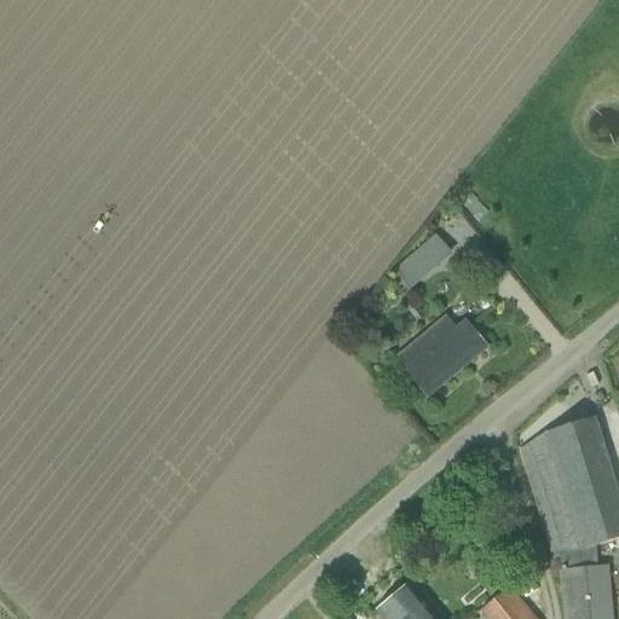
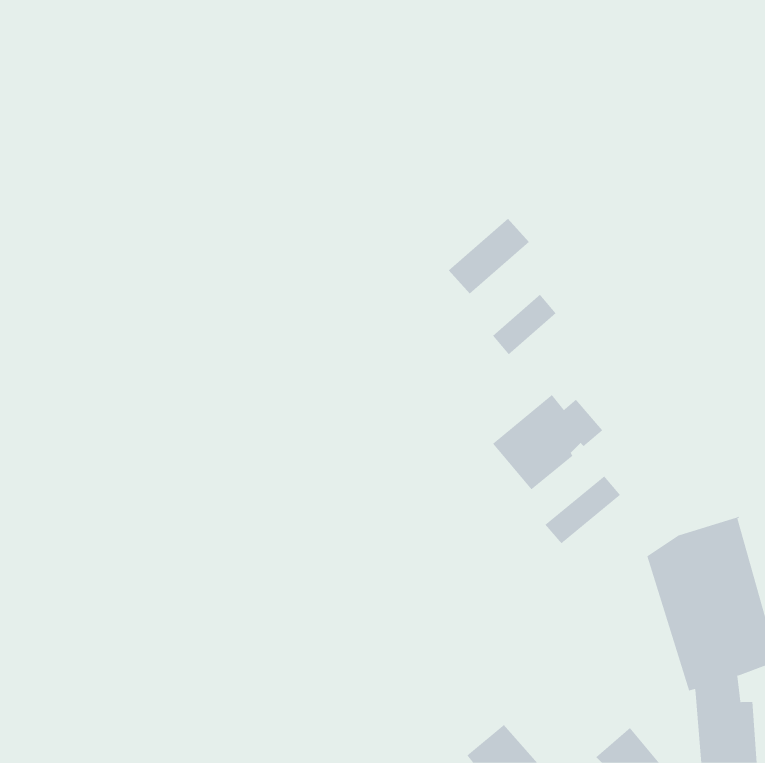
building: none -> [448,218,530,295]
building: none -> [545,476,621,544]

